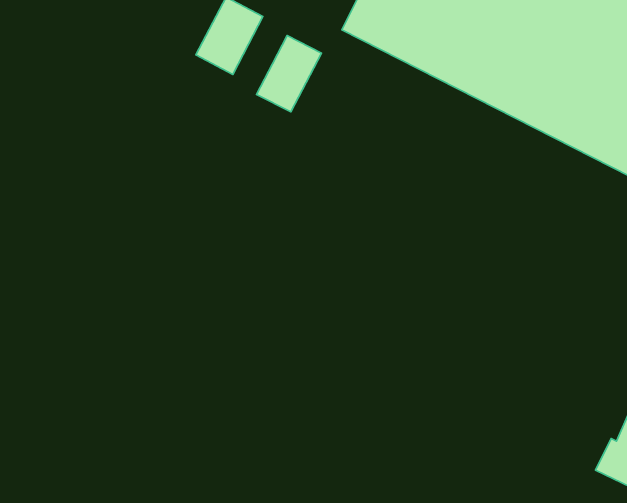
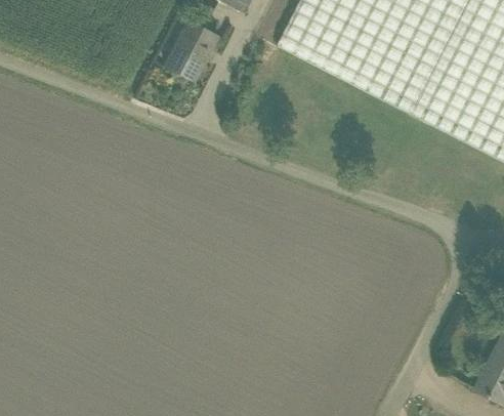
building: [256,36,322,112] -> none

